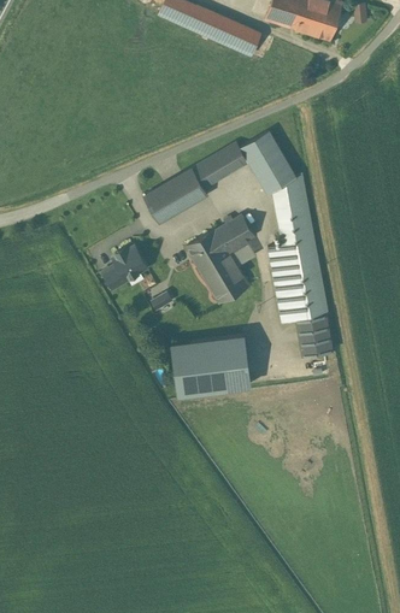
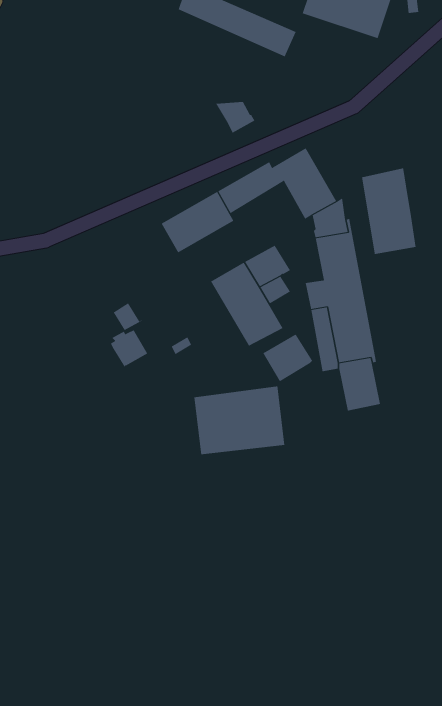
building: none -> [216,101,255,134]
building: none -> [361,167,416,255]
building: [114,247,147,279] -> [110,329,148,367]
building: none -> [263,334,313,382]

